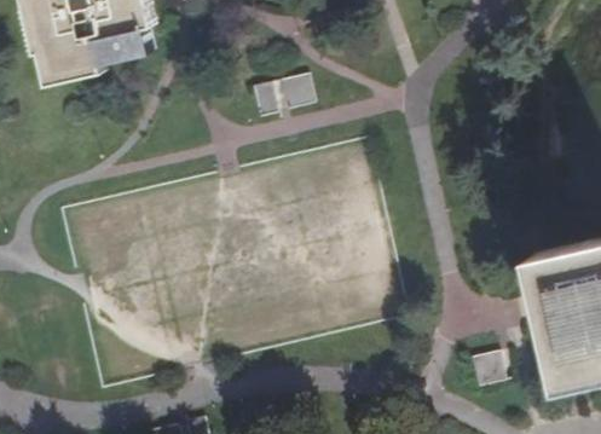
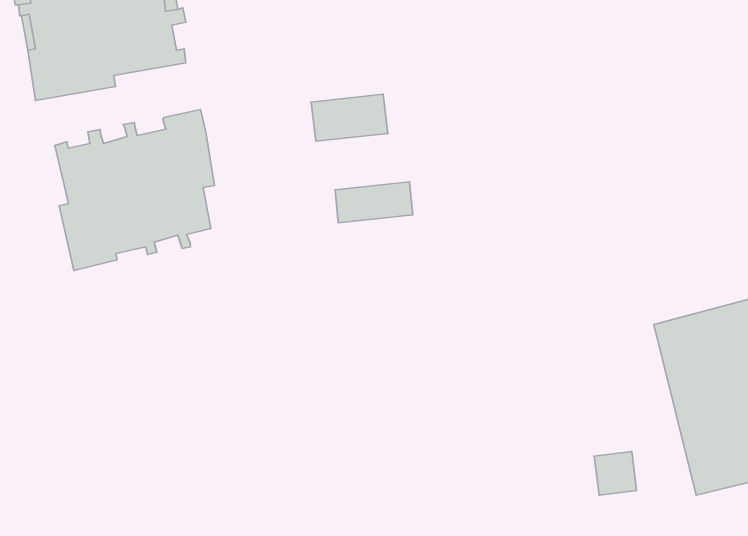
building: none -> [55,110,214,271]
building: none -> [335,182,413,223]

